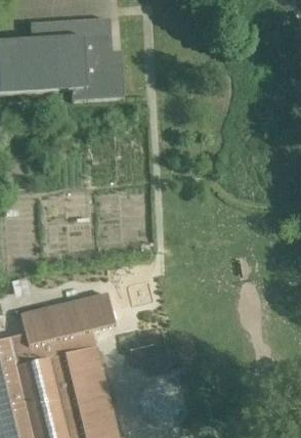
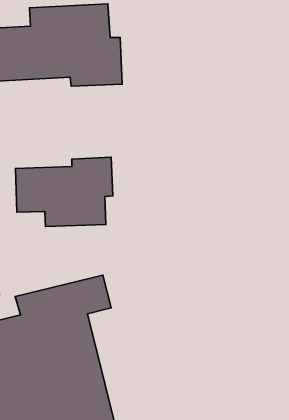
building: none -> [15,157,113,227]

